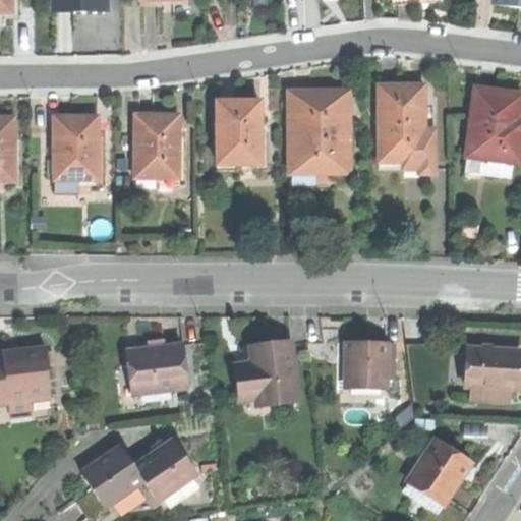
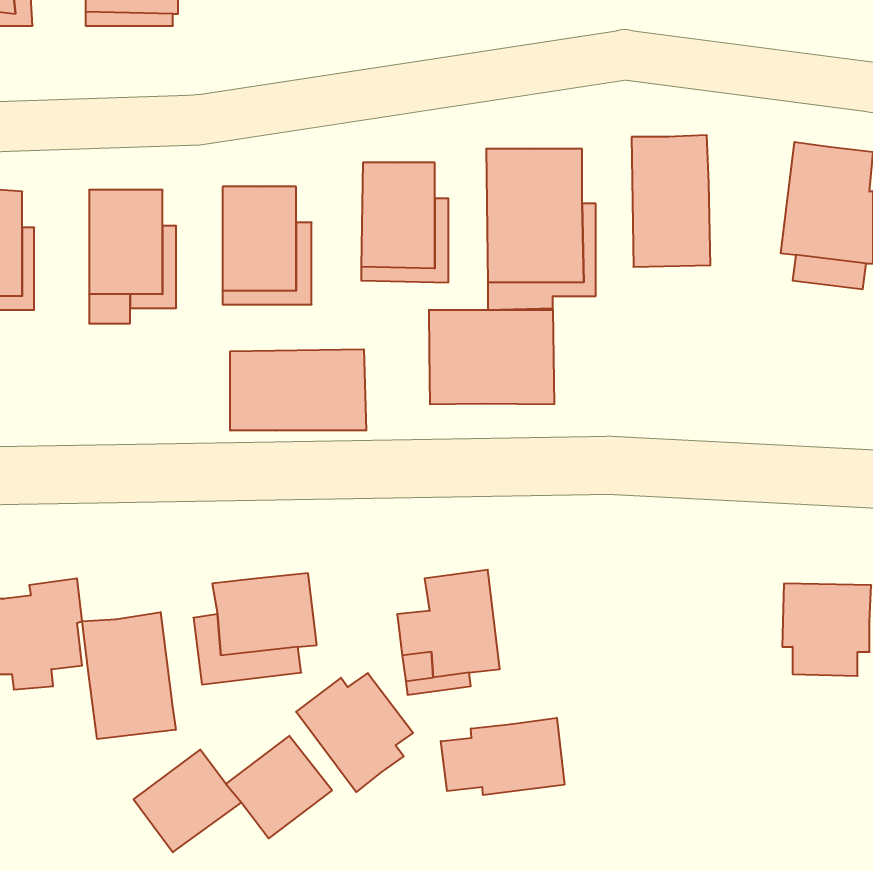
building: [377,109,433,170] -> none
building: none -> [429,310,554,404]
building: none -> [230,349,366,431]
building: [343,339,386,381] -> none
building: none -> [82,612,176,739]
building: none -> [296,673,413,792]
building: none -> [441,718,564,795]
building: [411,436,474,499] -> none

